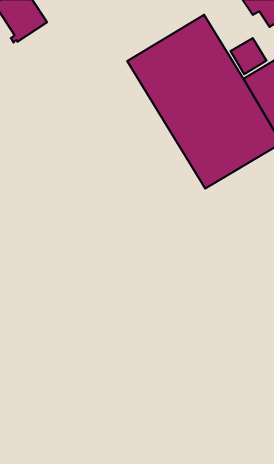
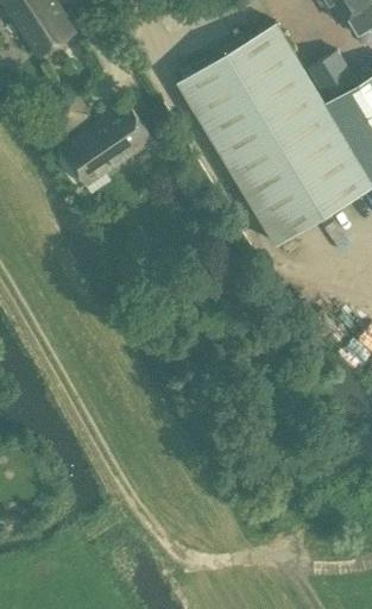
building: none -> [61,103,153,187]

